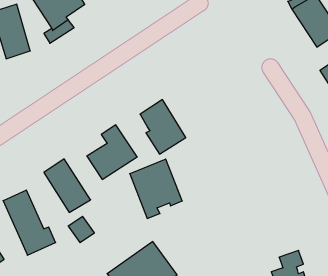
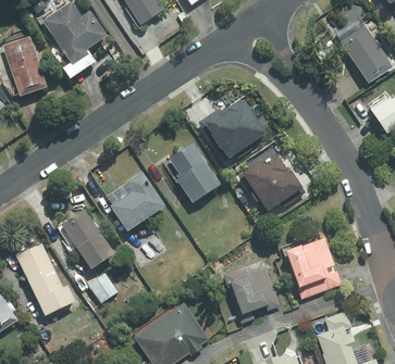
building: none -> [199,100,266,161]
building: none -> [238,155,301,213]
building: [130,159,182,218] -> [223,258,282,324]
building: none -> [284,237,343,299]

